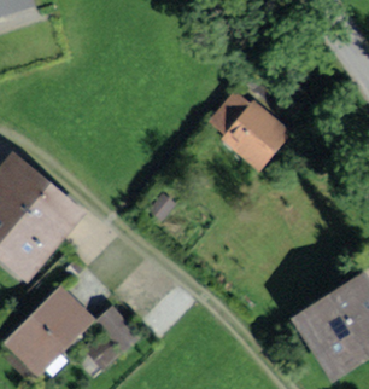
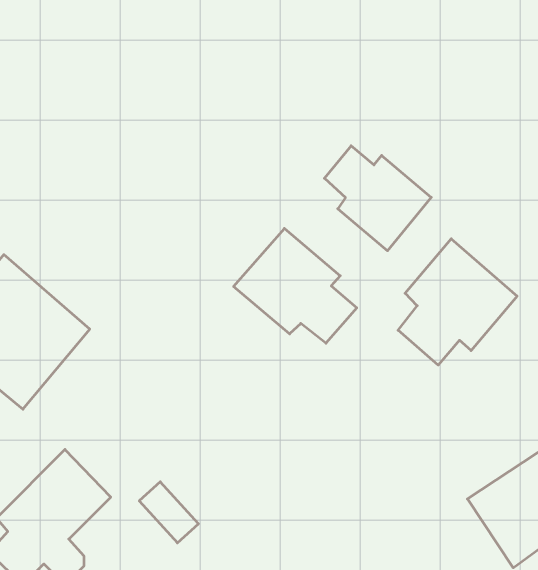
building: none -> [234,228,357,343]
building: none -> [398,239,517,365]

